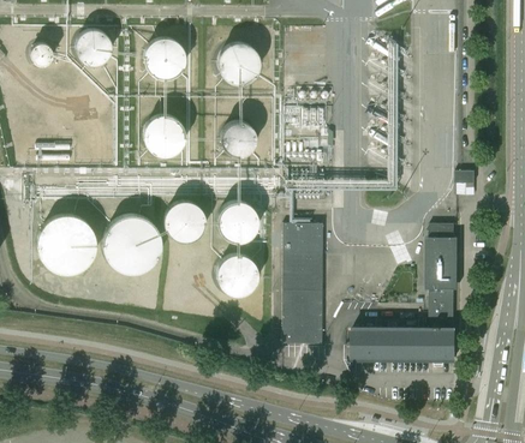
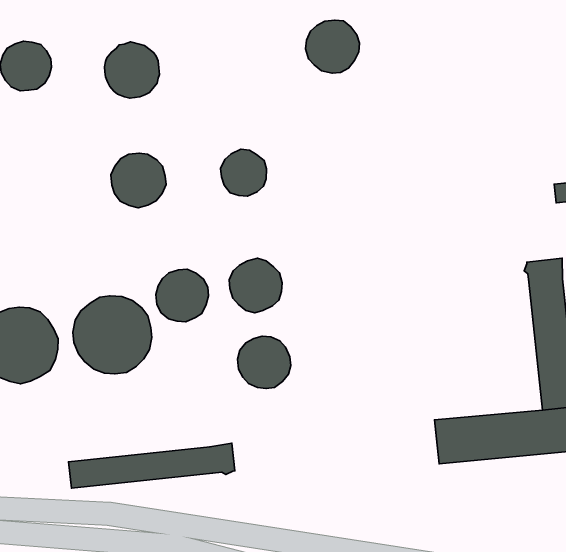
building: [220,46,258,83] -> [306,20,359,73]
building: [284,225,323,345] -> none
building: none -> [69,443,235,488]

